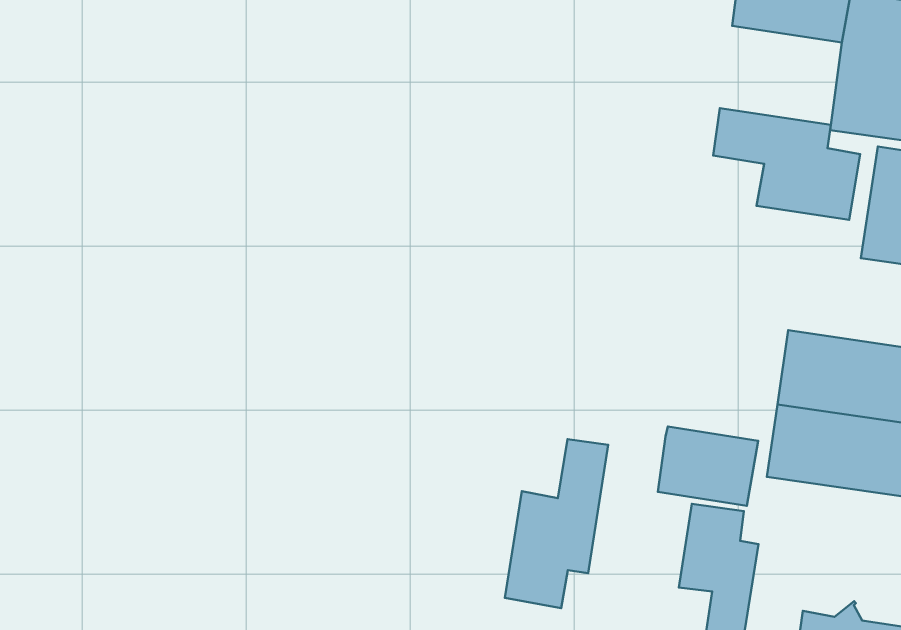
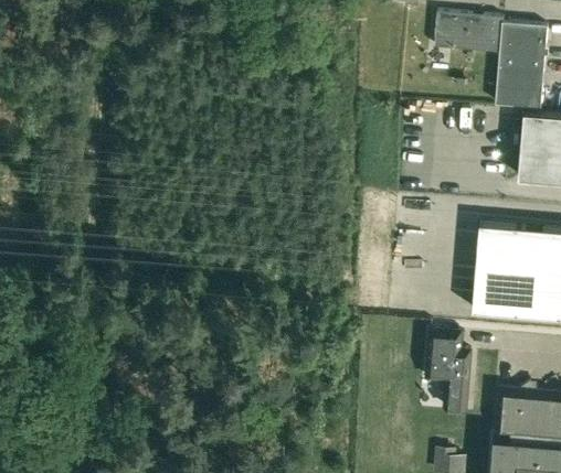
building: [713,108,860,220] -> none
building: [658,426,758,506] -> none
building: [505,439,608,608] -> none

